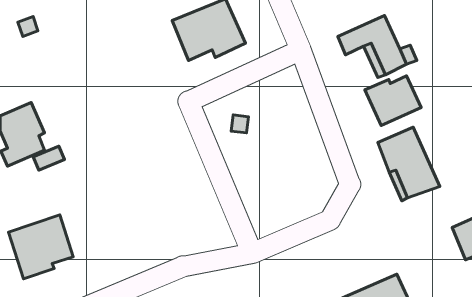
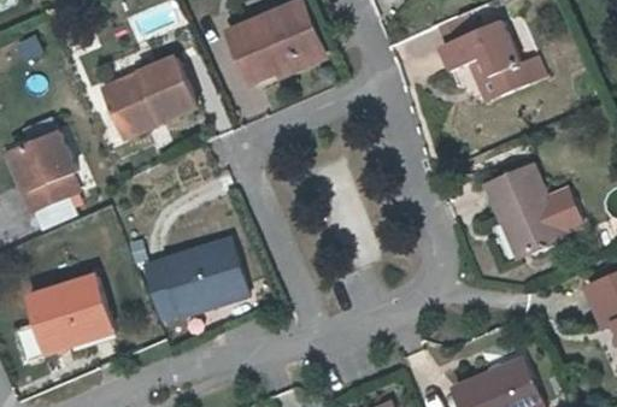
building: none -> [98,58,193,142]
building: [365,76,421,126] -> none
building: none -> [143,238,247,318]

